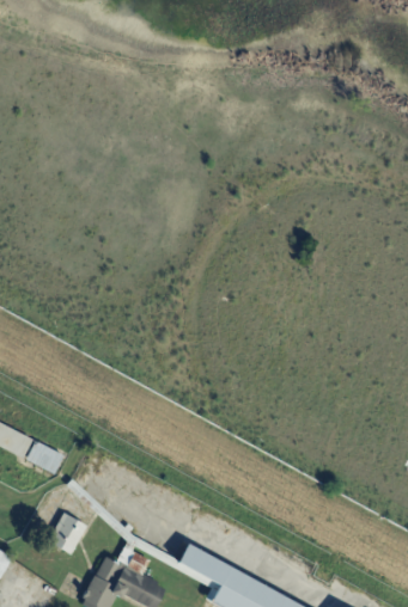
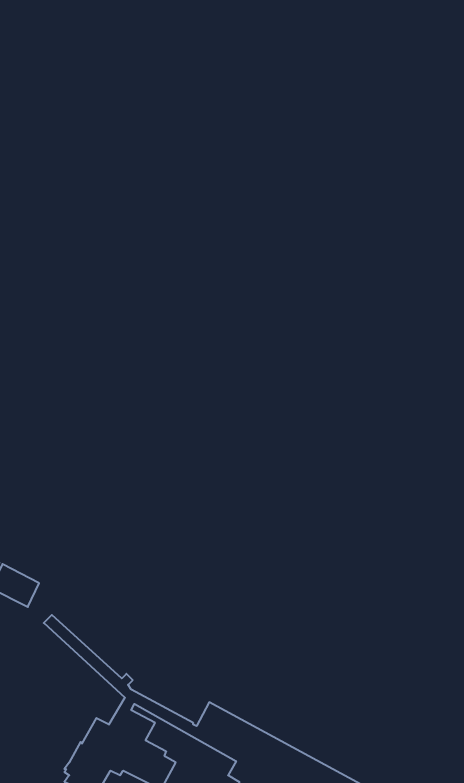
building: [47,513,86,554] -> none

